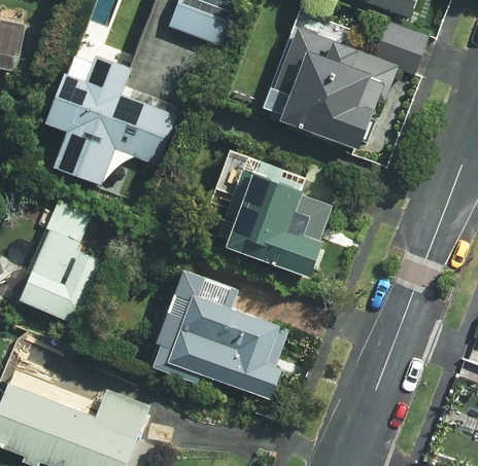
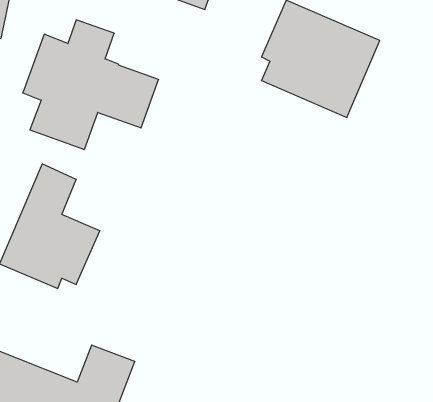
building: [209,156,336,277] -> none
building: [148,293,286,400] -> none

